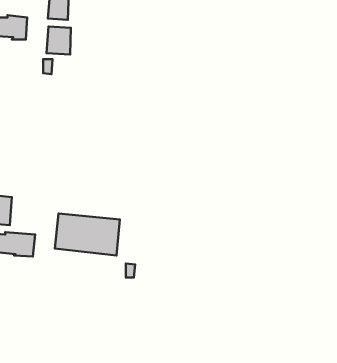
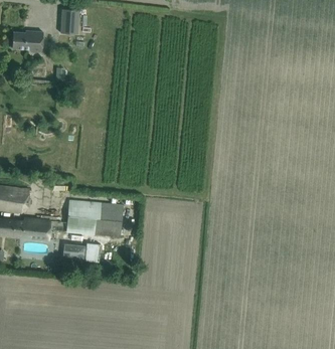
building: [46,27,71,54] -> none
building: none -> [62,241,101,261]

